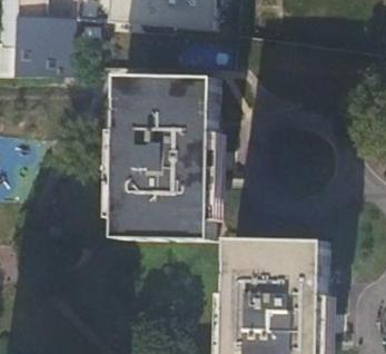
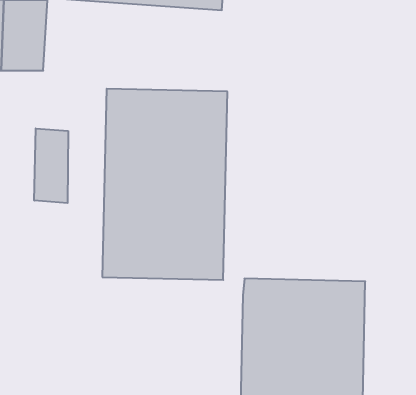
building: none -> [34,128,68,203]

